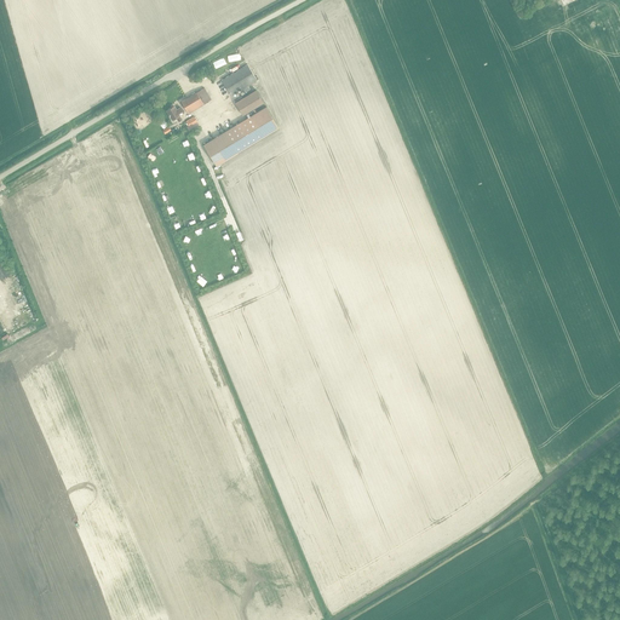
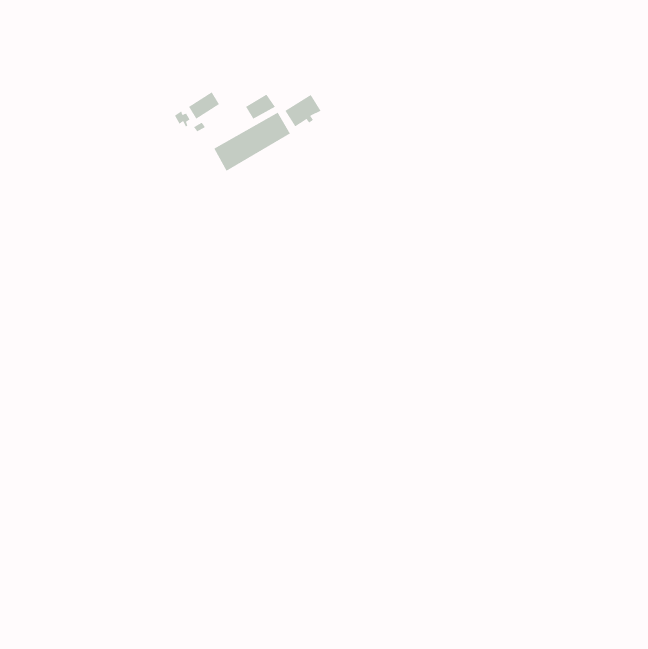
building: [220,64,256,96] -> [285,94,321,127]

